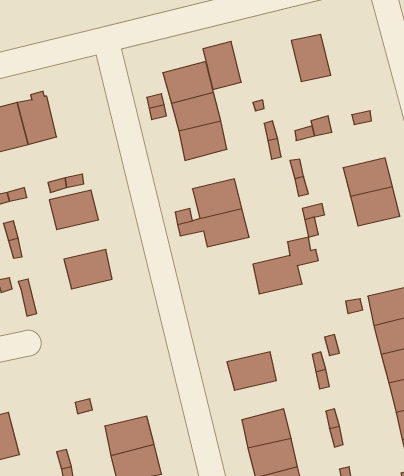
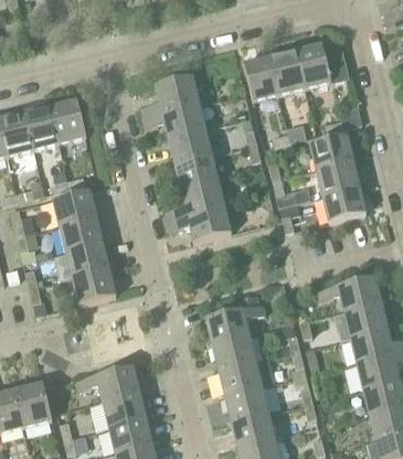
building: none -> [296,44,348,87]
building: [203,41,241,90] -> [244,56,278,99]
building: none -> [51,99,86,142]
building: none -> [309,134,353,170]
building: none -> [174,153,219,189]
building: none -> [60,216,104,252]
building: [253,237,318,294] -> [206,292,265,343]
building: none -> [73,269,116,305]
building: none -> [219,360,275,395]
building: none -> [96,366,140,401]
building: none -> [17,382,53,426]

